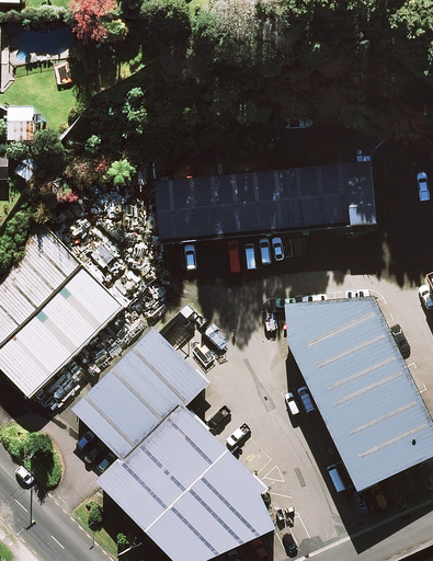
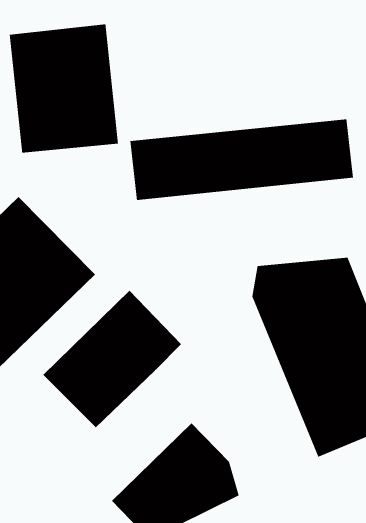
building: none -> [9,23,119,153]
building: [98,403,230,535] -> none

